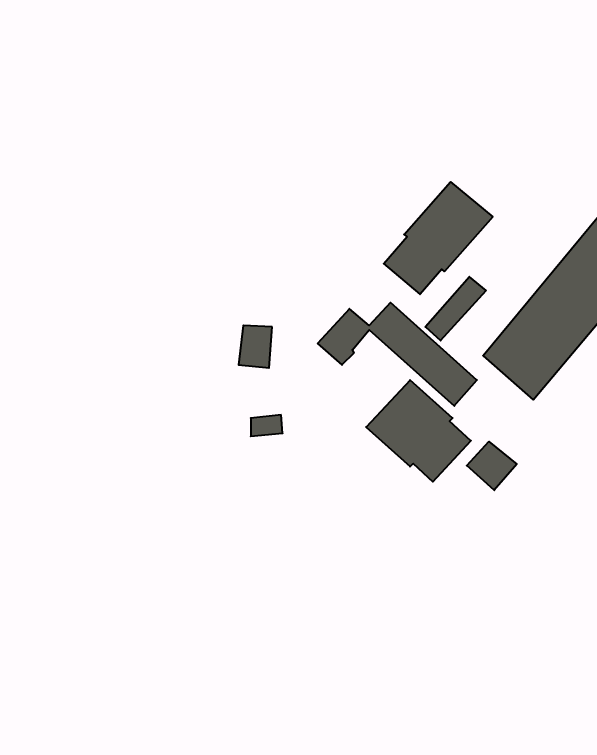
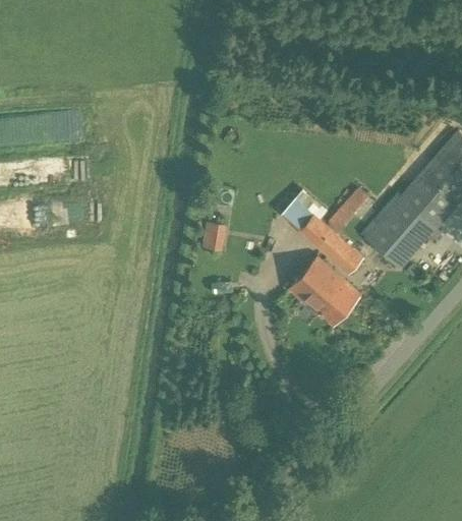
building: [384,182,493,294] -> none
building: [467,442,517,490] -> none

